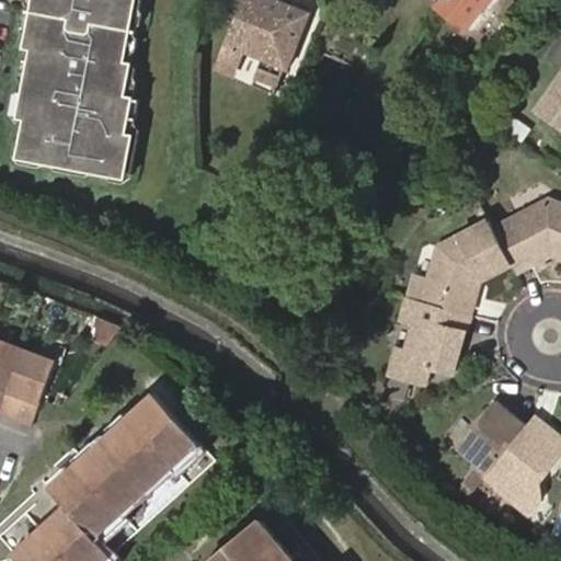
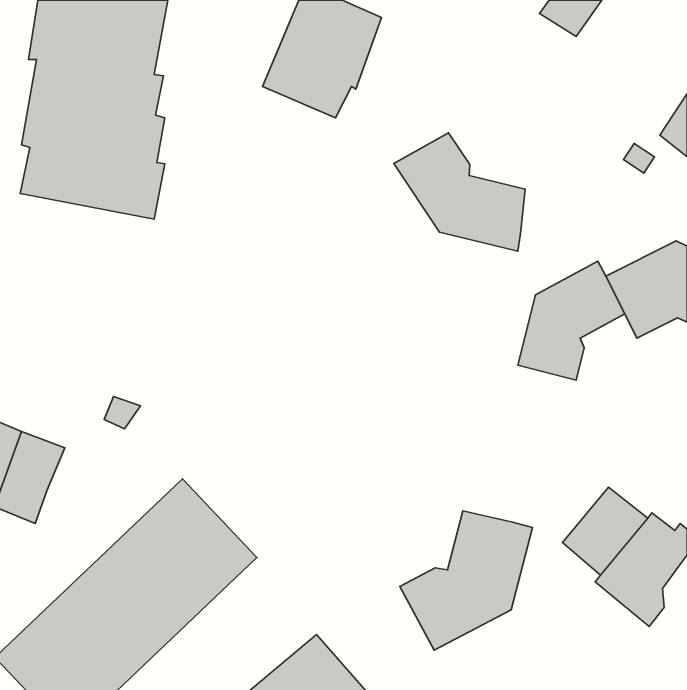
building: none -> [394,133,525,251]
building: [391,297,467,379] -> none
building: none -> [400,511,532,650]

